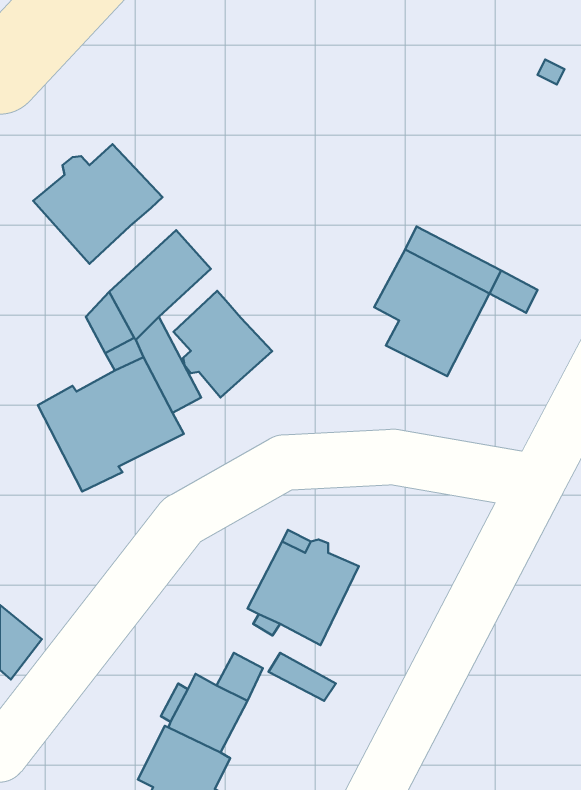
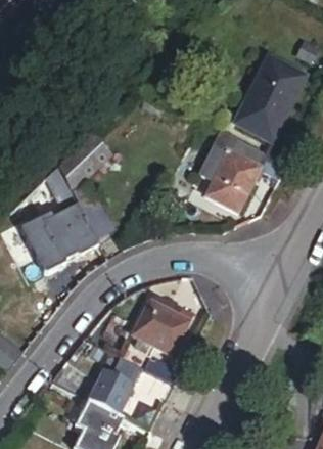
building: none -> [244,54,307,138]
building: [33,144,163,264] -> none
building: [173,291,272,397] -> none

